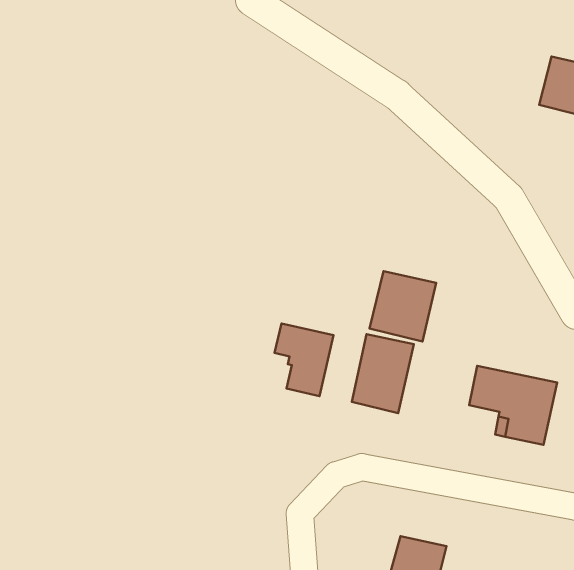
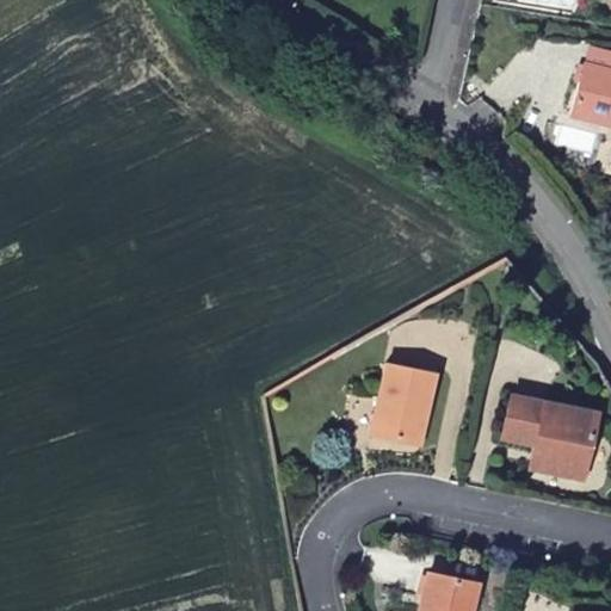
building: [369,271,436,341] -> none
building: [275,324,334,396] -> none

